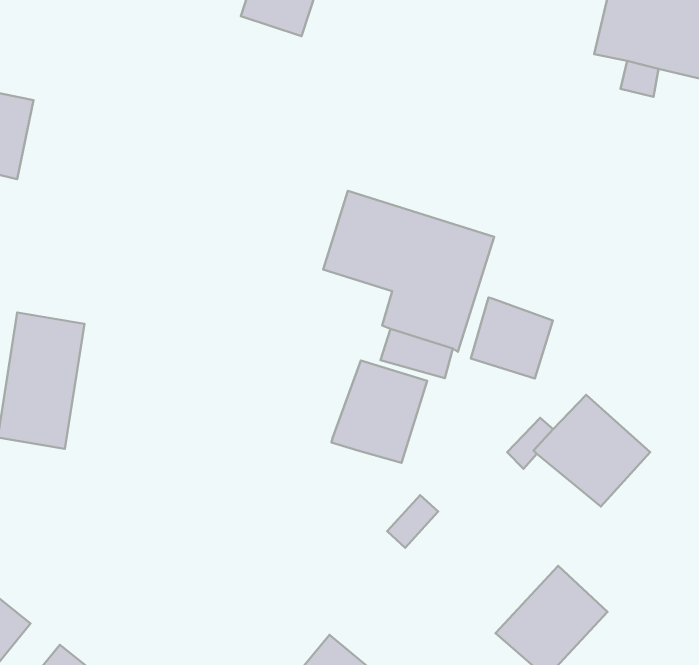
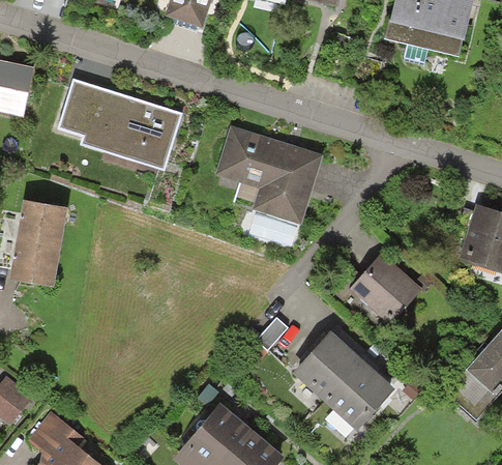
building: none -> [57,78,181,170]
building: [471,298,553,378] -> none
building: [331,360,427,463] -> none
building: none -> [292,331,363,403]

